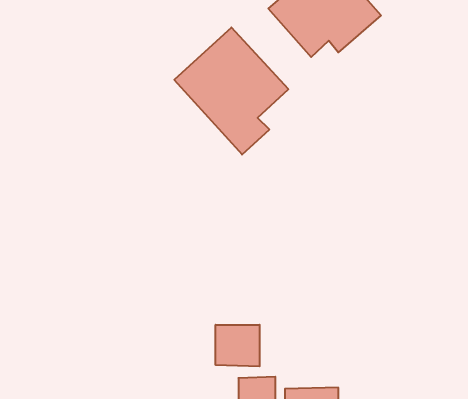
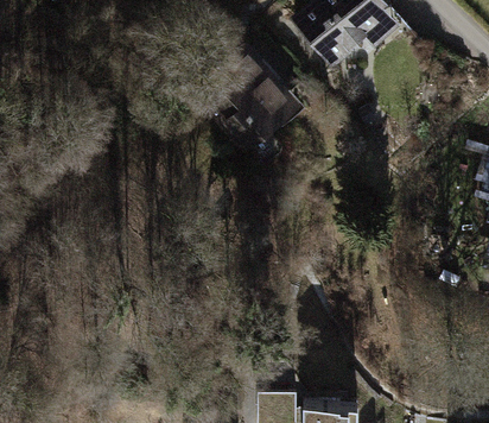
building: [216,325,260,366] -> none

